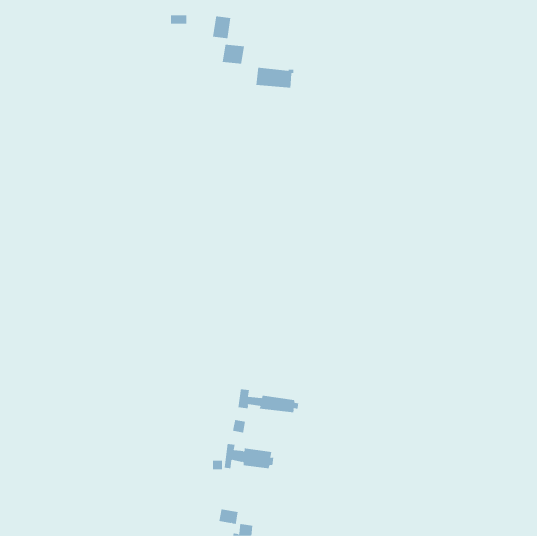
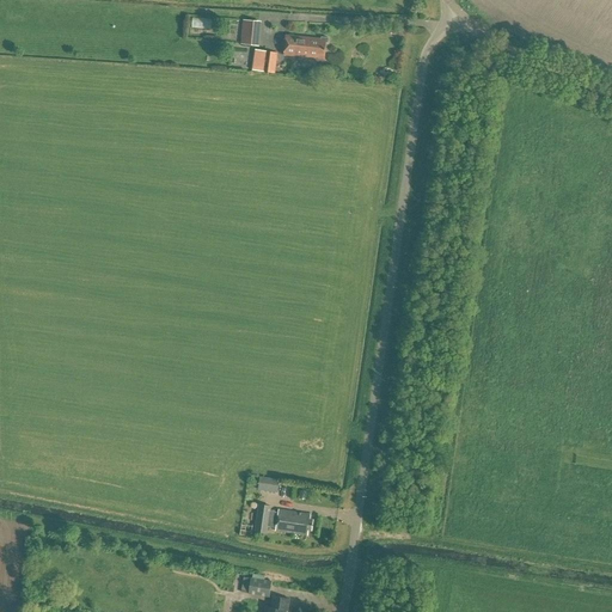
building: [255,67,294,88] -> [283,35,328,59]
building: [238,388,299,413] -> none

